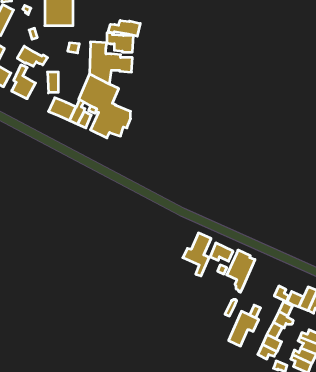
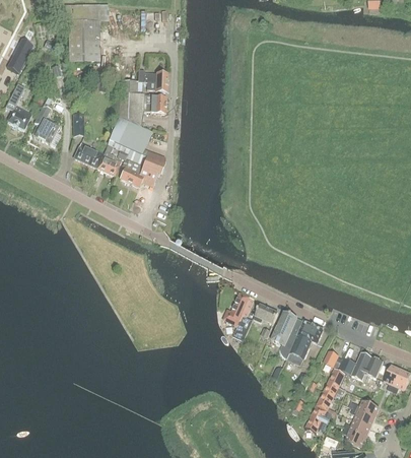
building: [108,20,140,36] -> none
building: [17,46,48,66] -> none
building: [229,311,259,346] -> [289,319,323,357]

